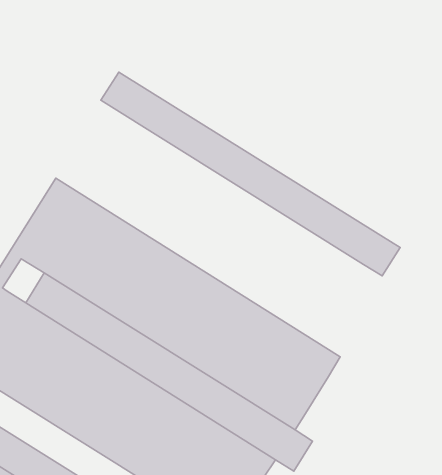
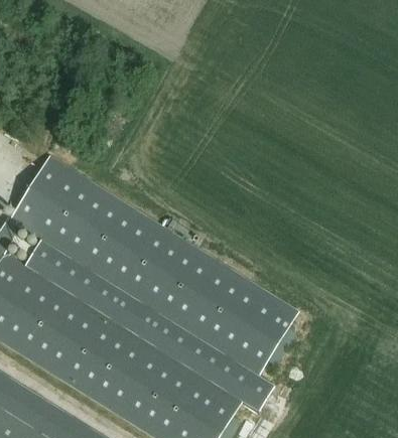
building: [101,72,400,276] -> none

